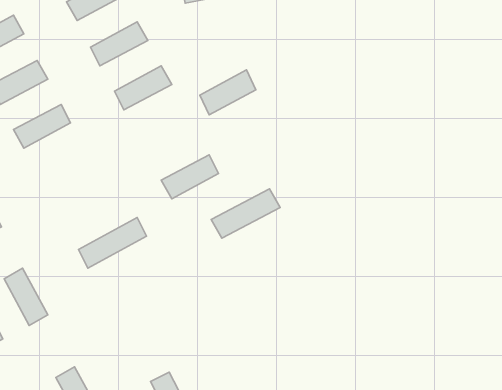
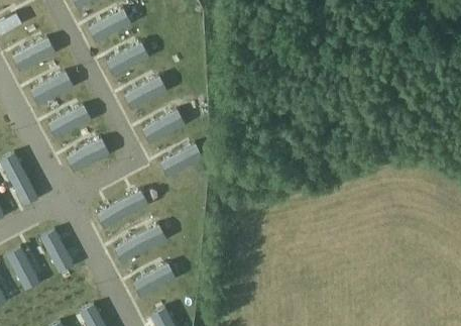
building: [200,70,256,115] -> [142,109,185,143]
building: none -> [66,139,109,172]
building: [211,189,280,238] -> [114,225,166,262]
building: none -> [132,263,176,297]

